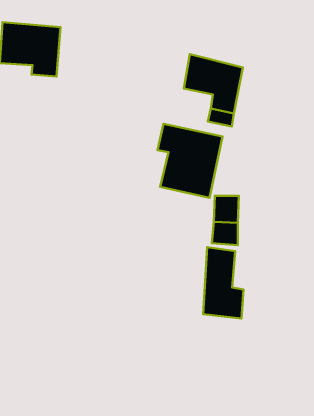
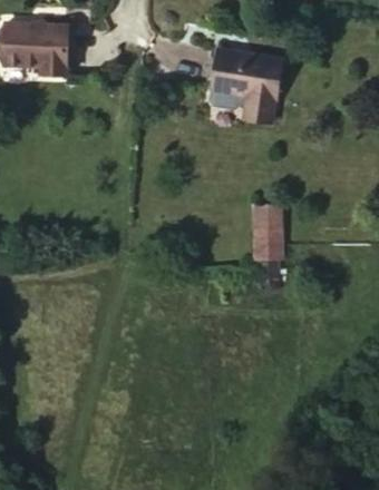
building: [158,124,222,198] -> none
building: [203,247,244,318] -> none

